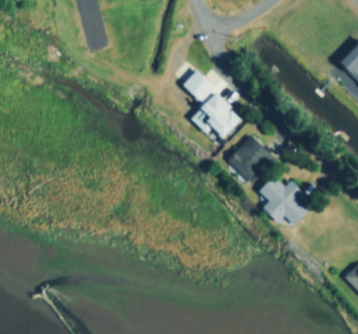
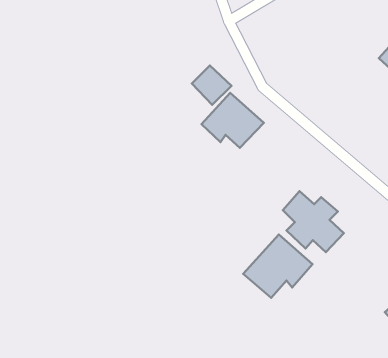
building: [228,134,275,183] -> none
building: none -> [243,234,313,298]

